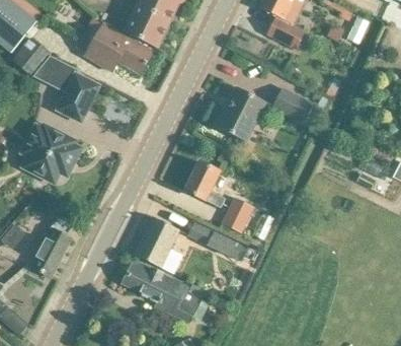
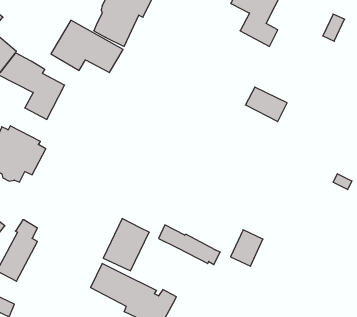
building: [217,86,265,140] -> none
building: [185,160,225,207] -> none
building: [223,197,254,232] -> [231,230,263,266]

